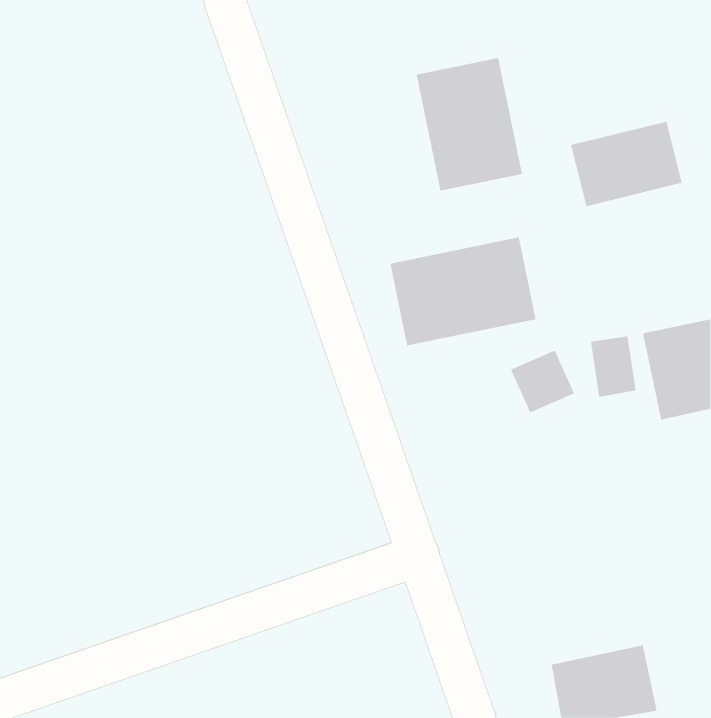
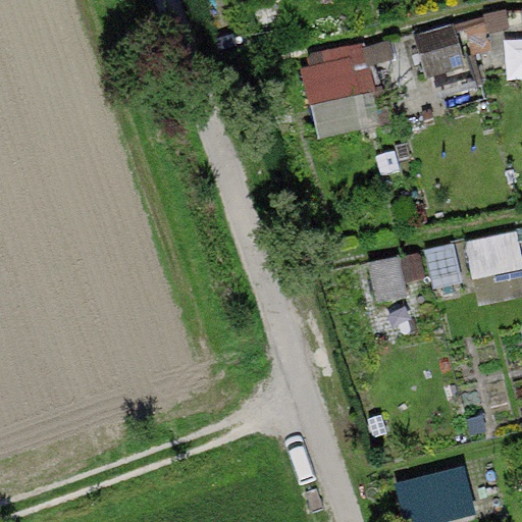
building: [570,121,683,207] -> [414,14,495,76]
building: [390,237,536,346] -> none

